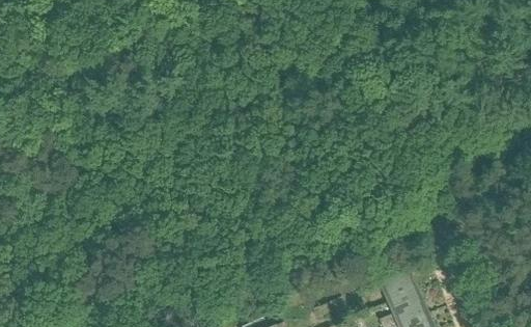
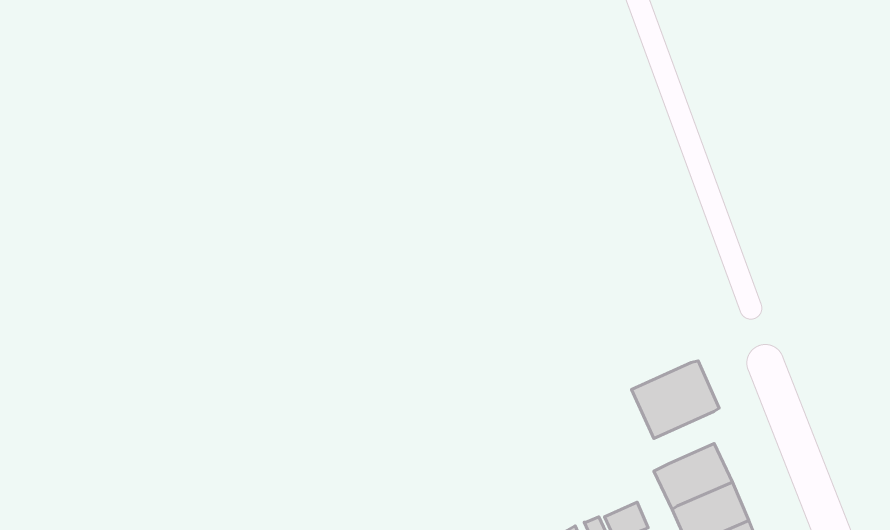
building: none -> [631,361,719,439]

